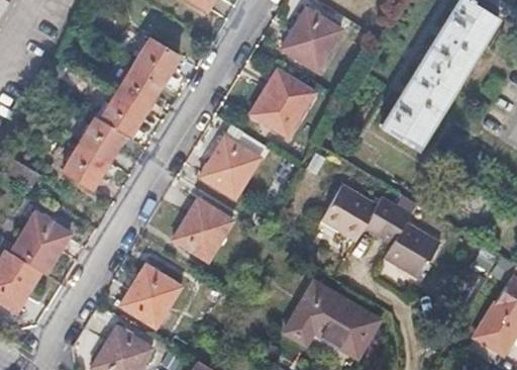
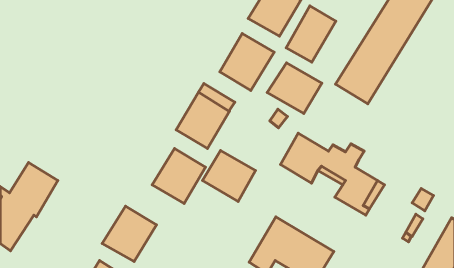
building: none -> [286,6,336,62]
building: [63,41,177,188] -> none
building: none -> [267,63,322,113]
building: none -> [203,150,255,202]

